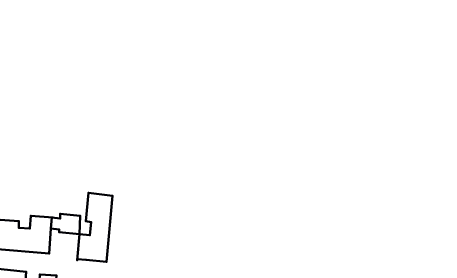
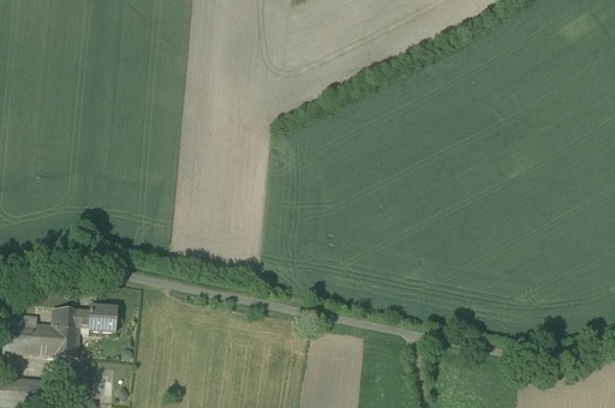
building: [77,193,113,262] -> none

